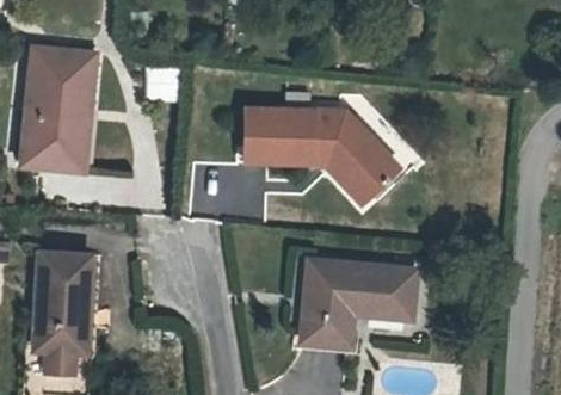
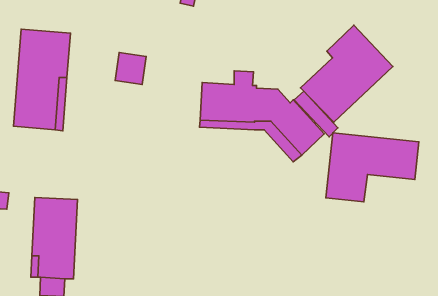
building: none -> [301,25,393,122]
building: [297,257,412,341] -> [326,133,419,202]

